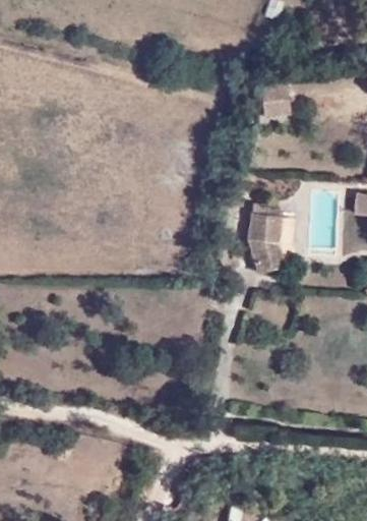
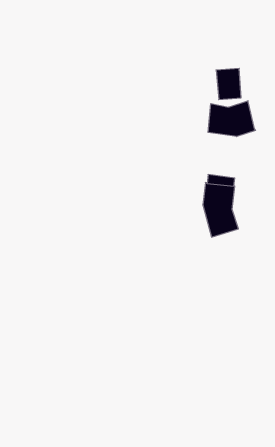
building: none -> [208,101,255,137]

